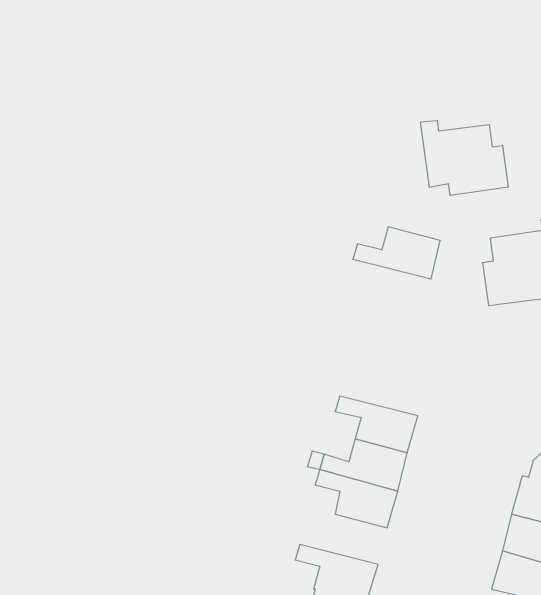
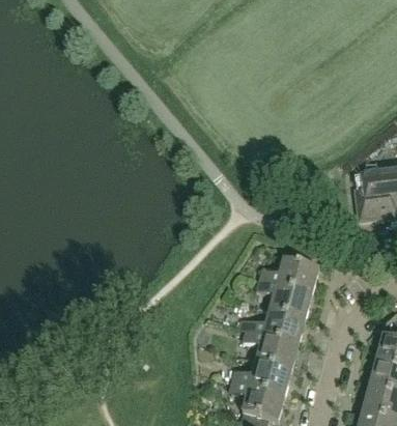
building: [421,120,508,196] -> none
building: [353,227,440,279] -> [259,258,318,293]
building: none -> [232,360,291,394]

